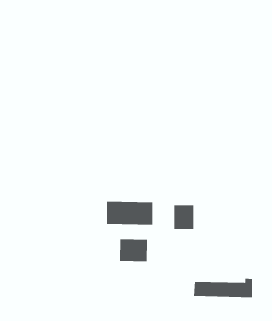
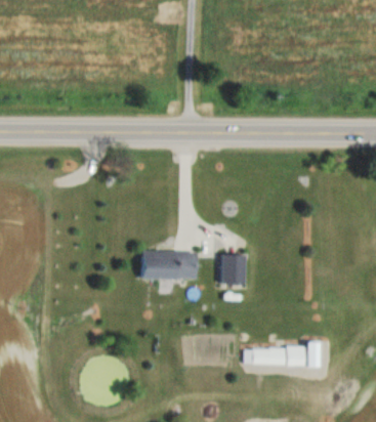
building: [119,239,148,262] -> none

